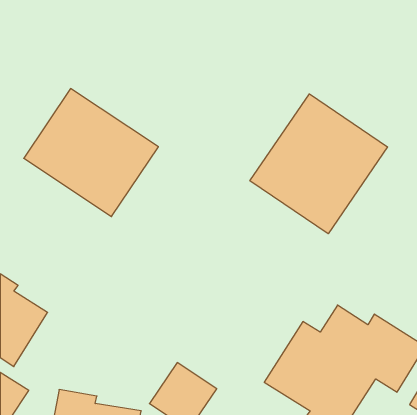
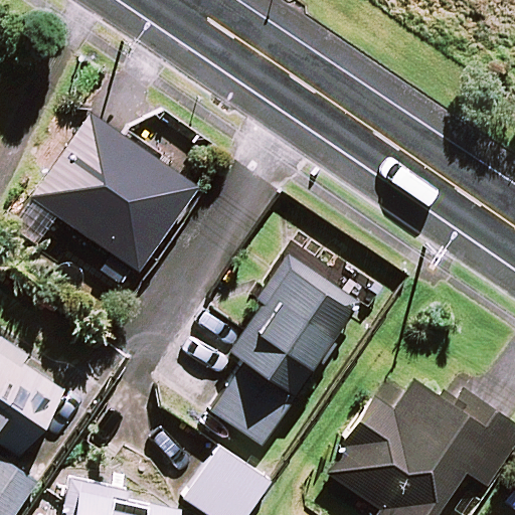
building: [250,94,388,234] -> none
building: none -> [210,243,385,446]

